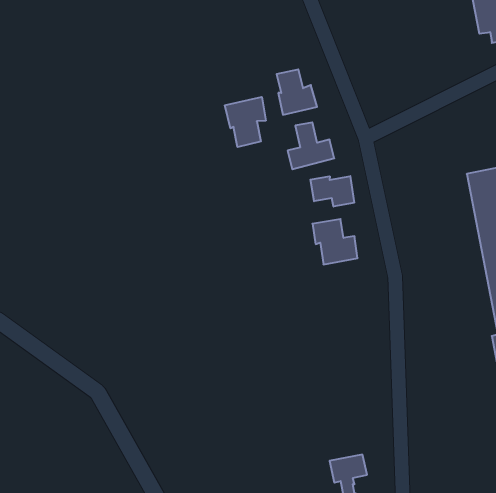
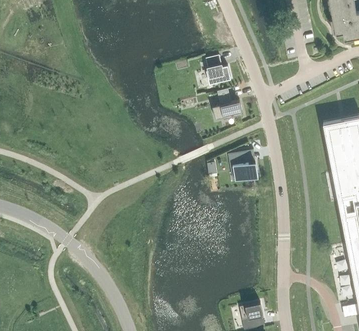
building: [225,97,266,147] -> none
building: [310,176,354,207] -> none

